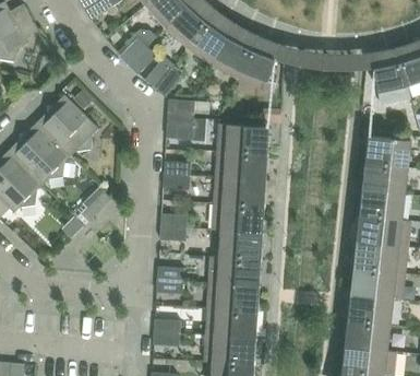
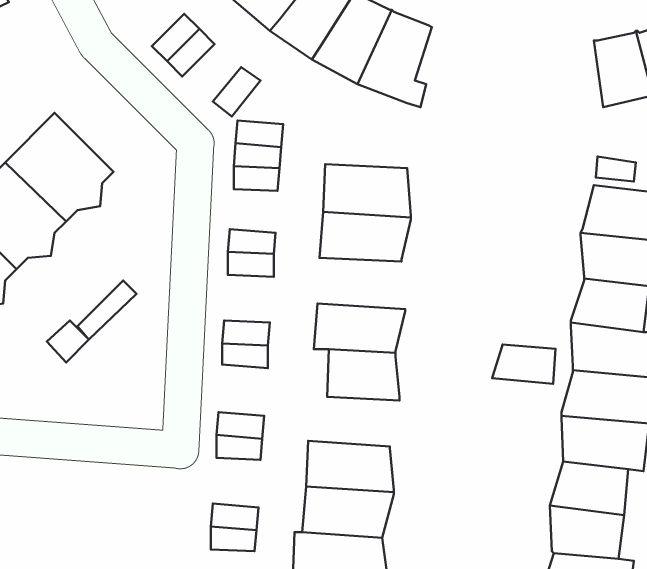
building: [215,178,265,208] -> none
building: none -> [492,345,555,384]
building: [209,257,262,286] -> none

